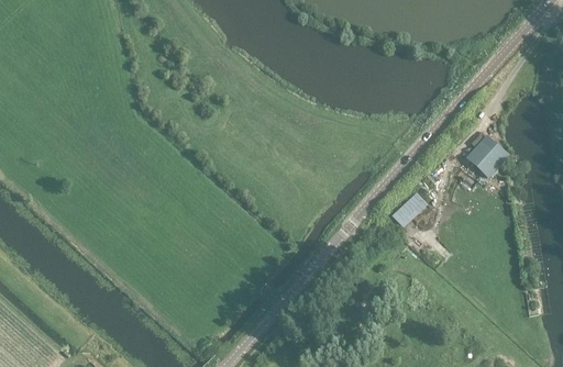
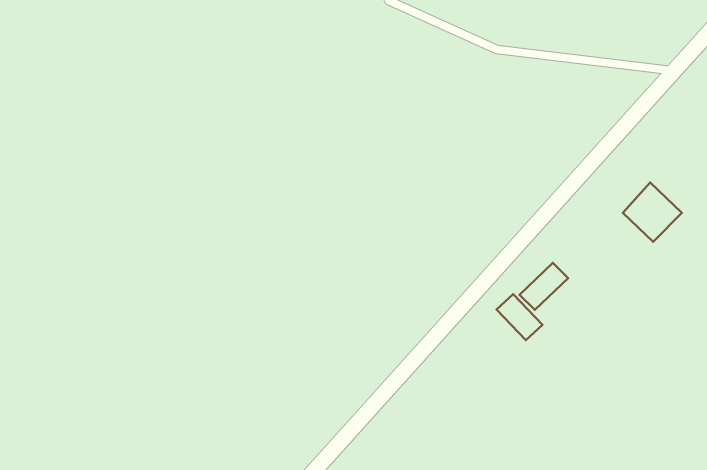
building: none -> [496,294,542,340]

